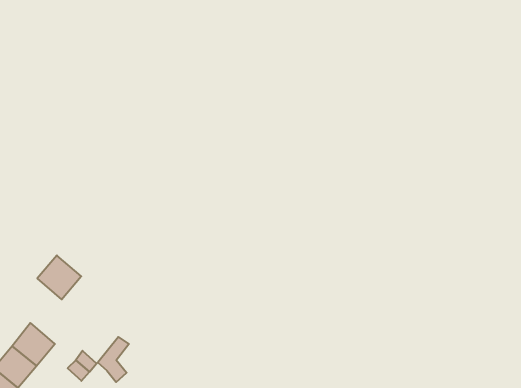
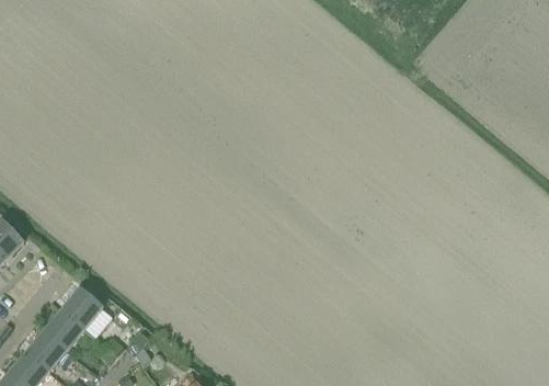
building: [37,255,81,299] -> [61,288,103,330]

